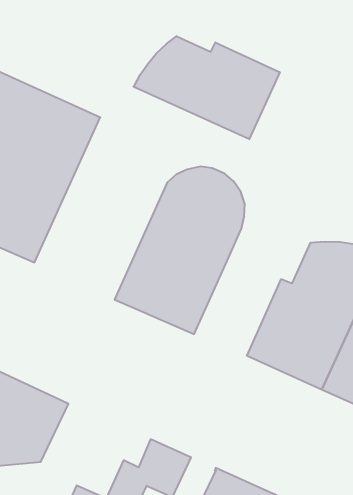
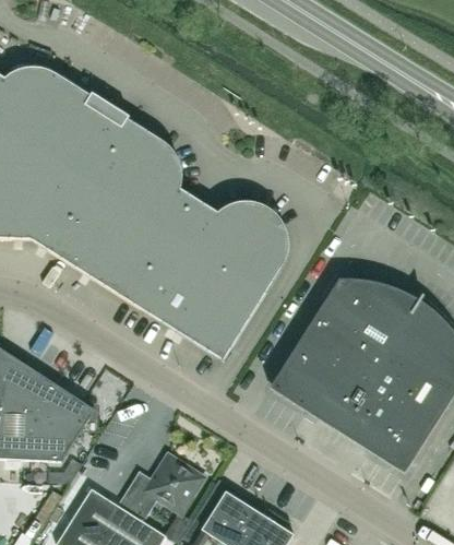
building: [133,36,280,139] -> none
building: none -> [81,140,217,315]

